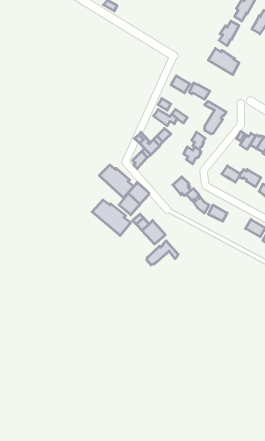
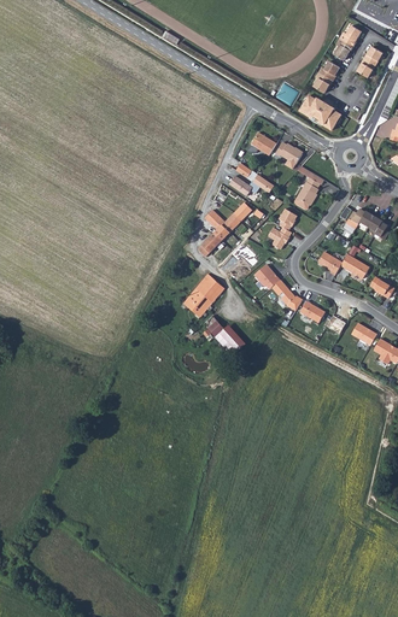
building: [99,165,134,198] -> none
building: [92,200,131,236] -> none
building: [147,241,178,265] -> none

